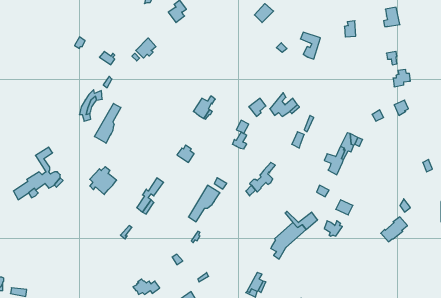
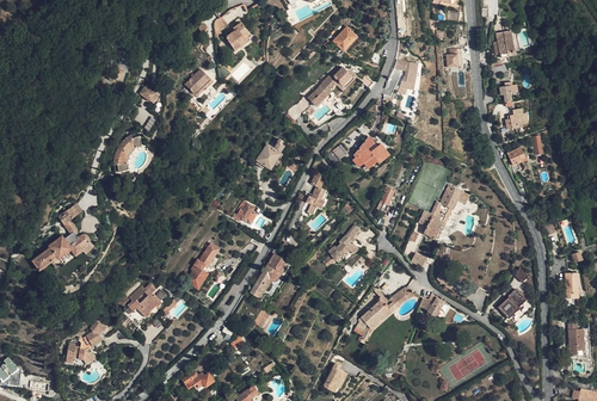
building: none -> [308,66,351,105]
building: [94,103,121,143] -> none
building: [90,167,117,195] -> [133,288,166,322]
building: none -> [69,325,109,356]

